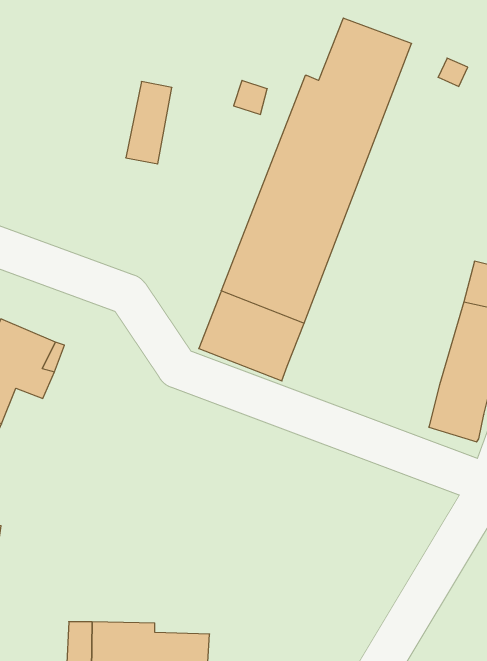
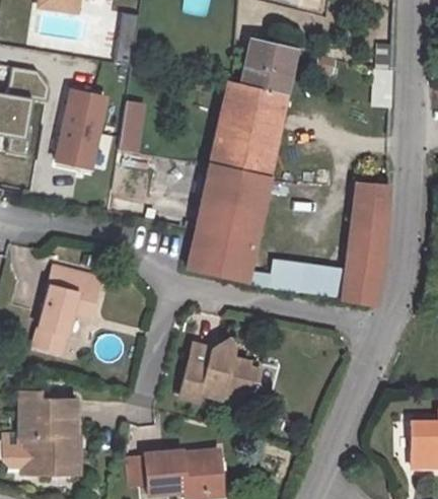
building: none -> [61,91,104,166]
building: none -> [243,259,347,296]
building: none -> [179,344,263,404]

